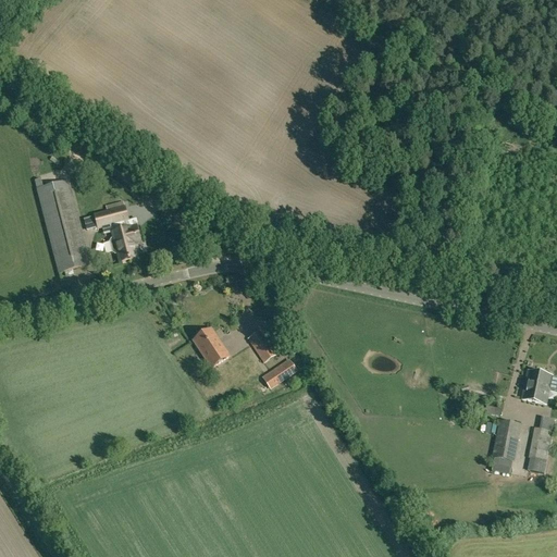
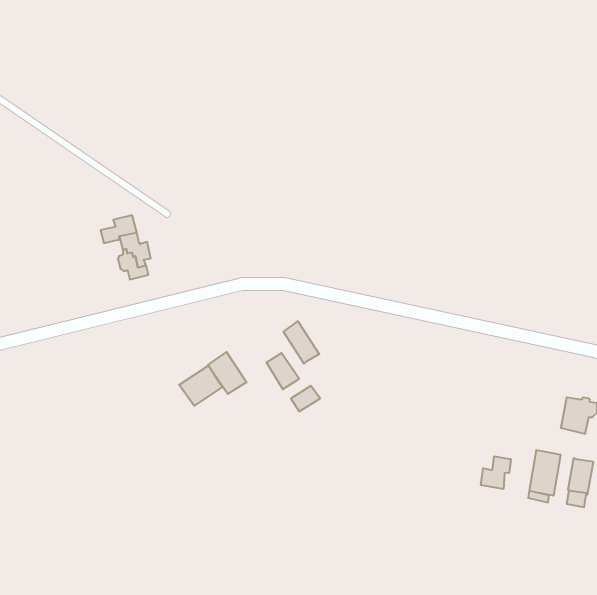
building: [36,178,91,272] -> none
building: none -> [283,321,319,364]
building: none -> [179,366,222,406]
building: none -> [481,456,511,489]

